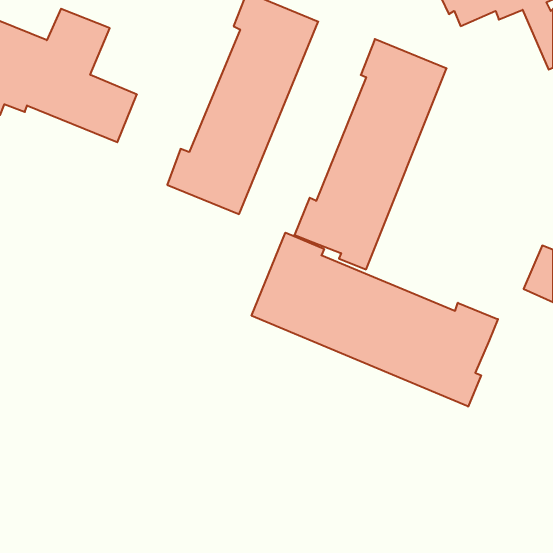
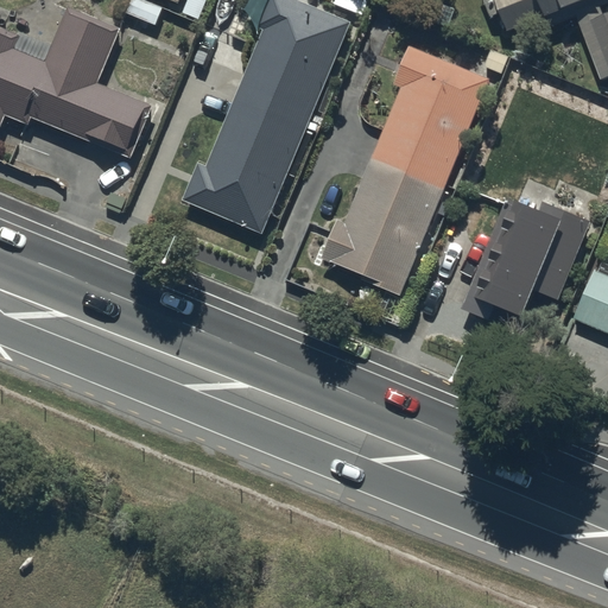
building: none -> [473,201,585,321]
building: [252,233,498,407] -> none

